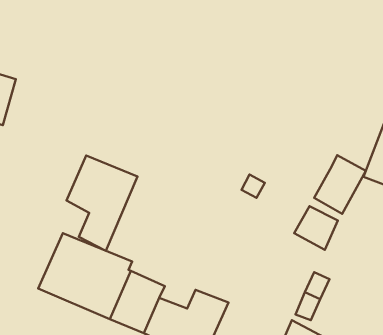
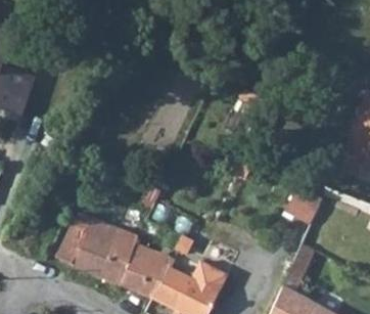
building: [314,155,366,214] -> none
building: [66,155,137,251] -> none

